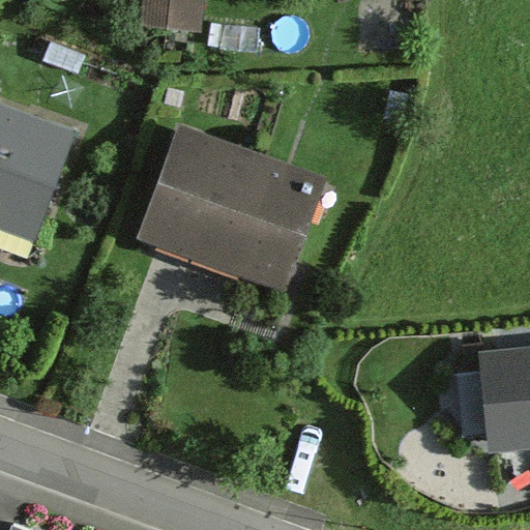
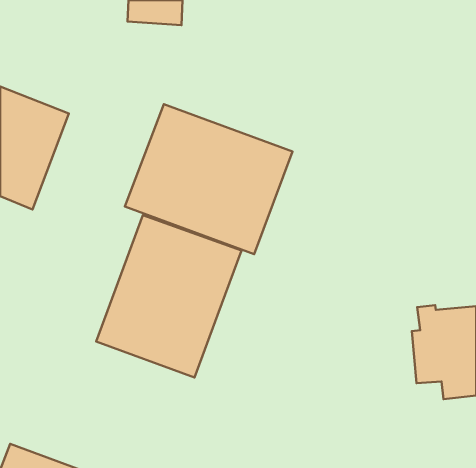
building: none -> [96,215,242,377]

